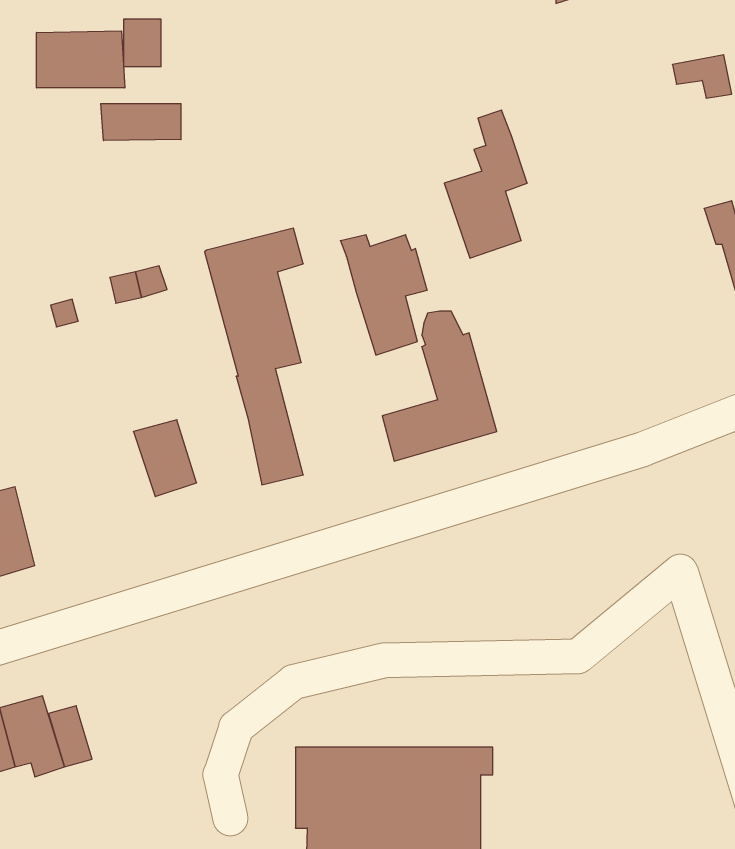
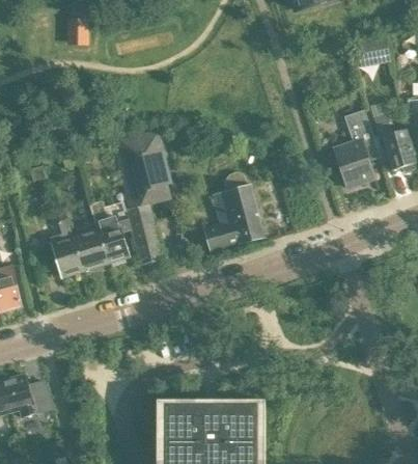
building: [37,31,125,88] -> none
building: [101,104,181,141] -> none
building: [444,110,527,258] -> [334,109,378,187]
building: [340,235,427,355] -> [88,199,134,263]
building: none -> [47,218,85,276]

